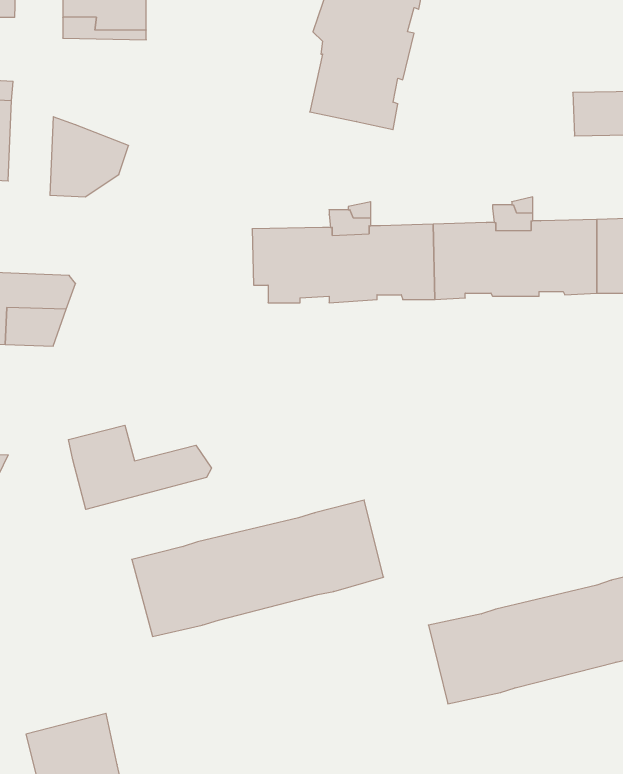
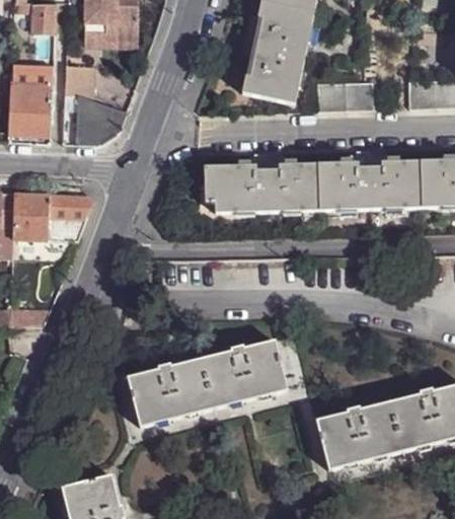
building: none -> [67,66,94,100]
building: none -> [317,81,373,112]
building: [68,425,211,509] -> none

